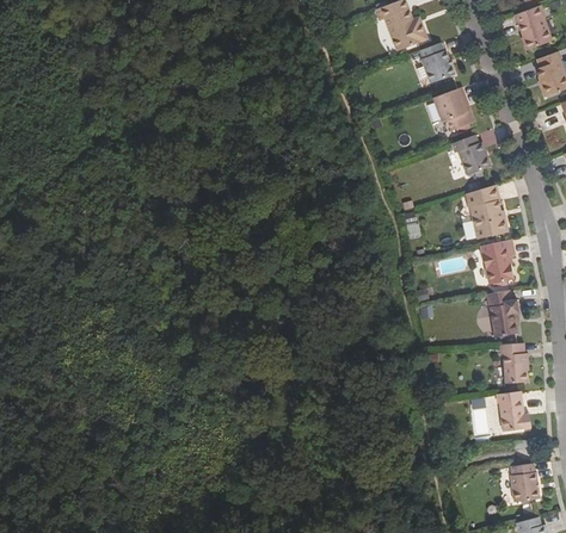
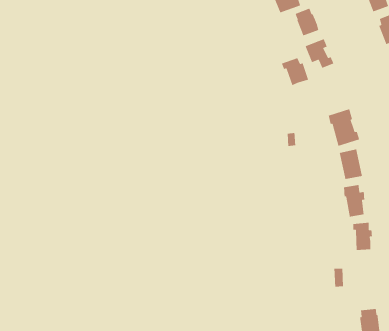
building: [451,135,491,175] -> [281,57,309,86]
building: [498,390,529,430] -> none

